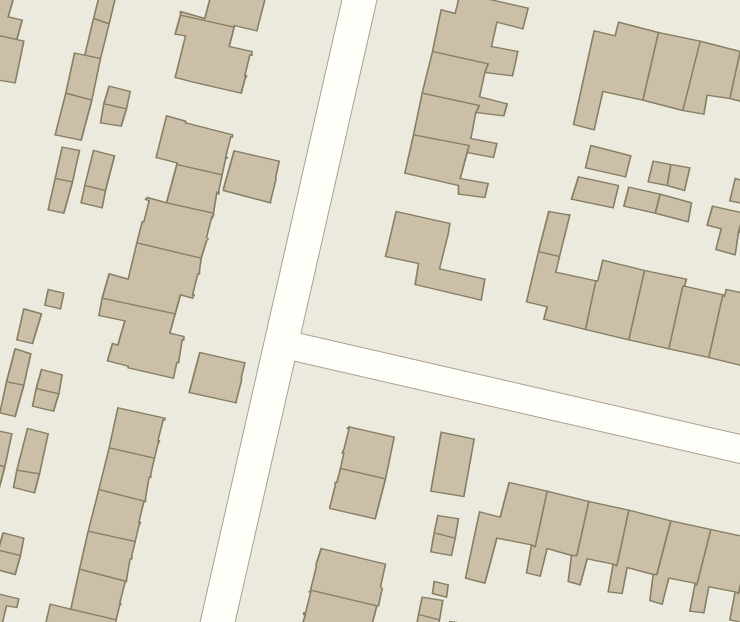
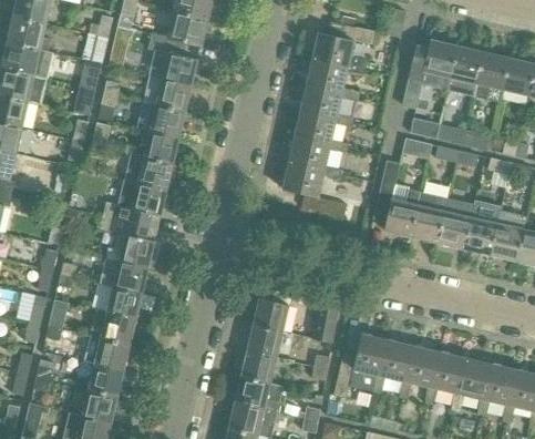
building: [224,151,279,203] -> [155,79,191,112]
building: none -> [289,136,341,178]
building: [189,353,245,403] -> [112,261,147,293]
building: none -> [241,350,282,386]

